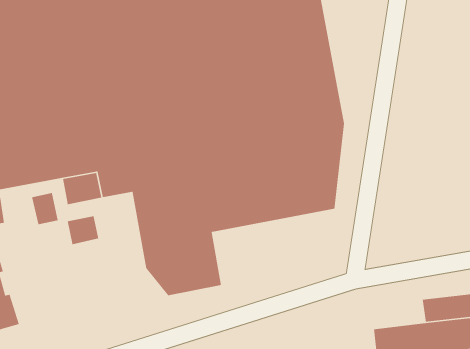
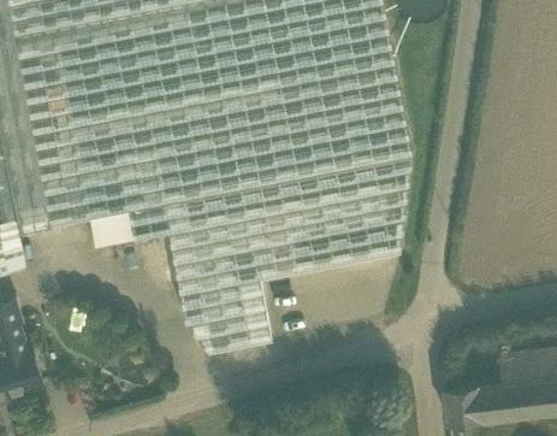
building: [31,192,59,225] -> none
building: [67,215,99,245] -> none

